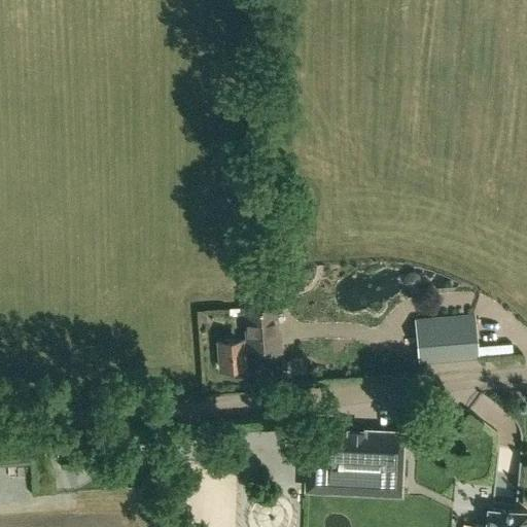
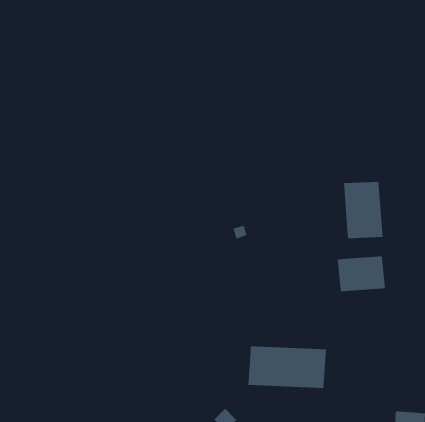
building: none -> [343,181,383,239]
building: [218,308,281,373] -> none

